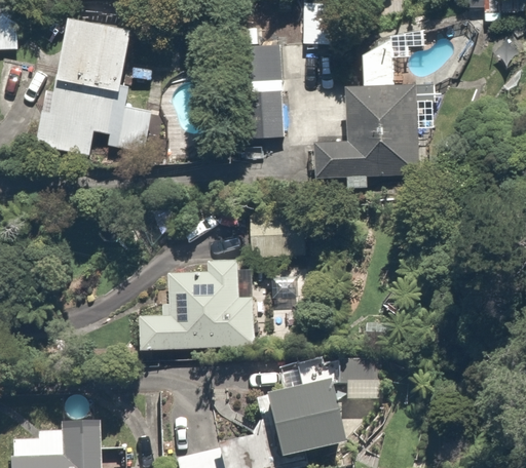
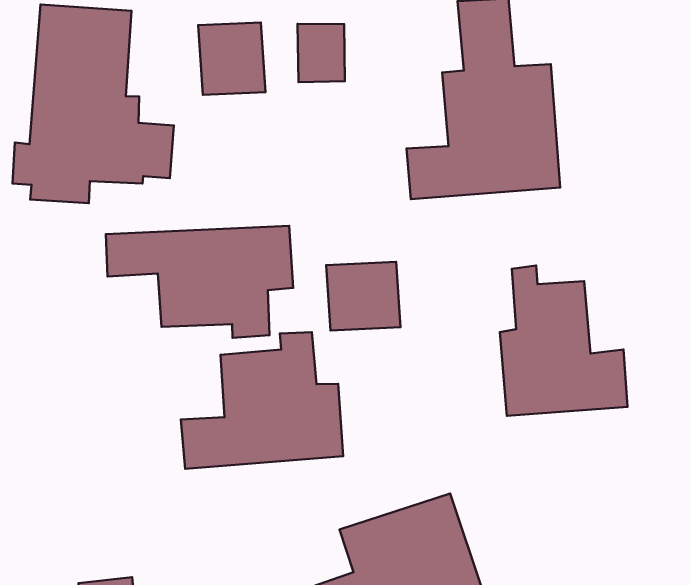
building: [238,89,284,141] -> [198,23,265,95]
building: none -> [106,226,293,338]
building: none -> [500,266,628,416]

